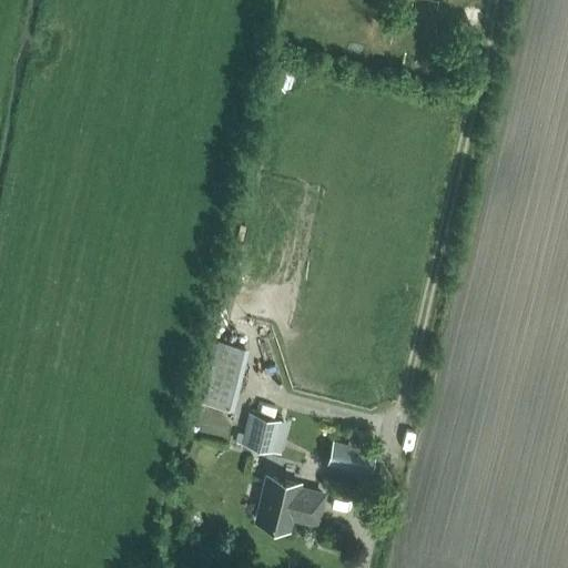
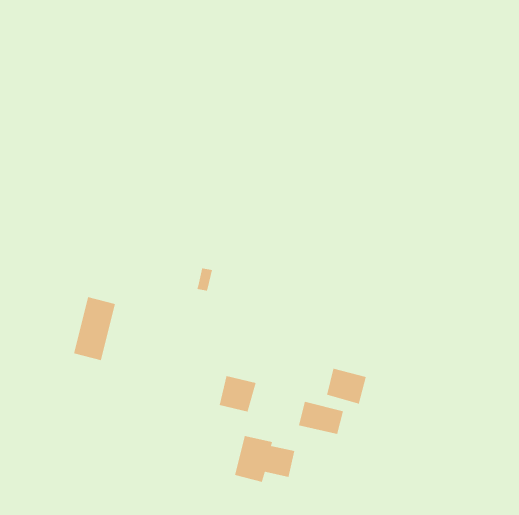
building: [201,344,247,414] -> [73,297,116,361]
building: none -> [326,368,367,405]

